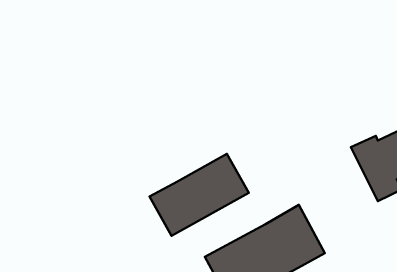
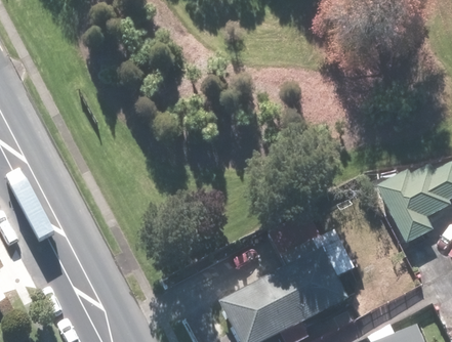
building: [149,154,249,236] -> none

